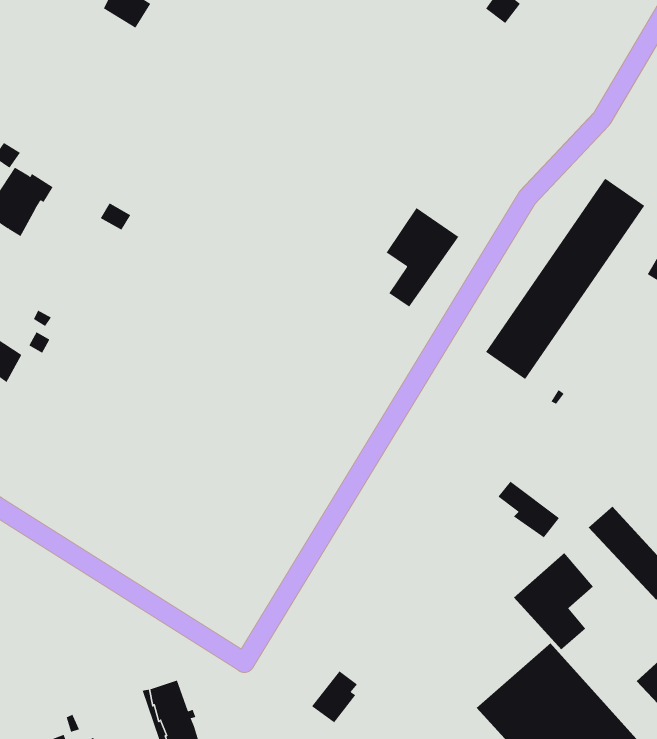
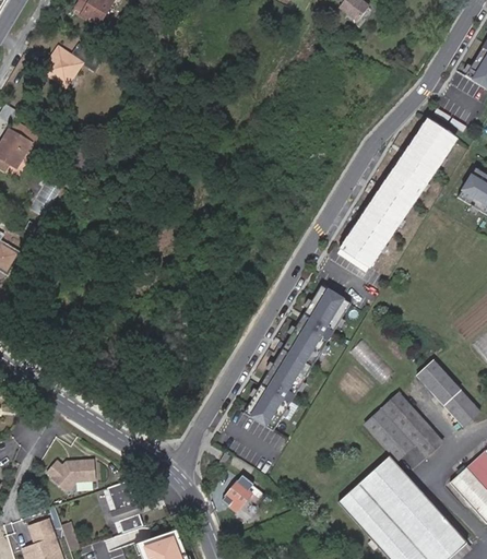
building: none -> [39,46,81,81]
building: [386,207,459,308] -> none
building: none -> [241,284,348,429]
building: none -> [402,416,442,456]
building: none -> [47,457,94,485]

